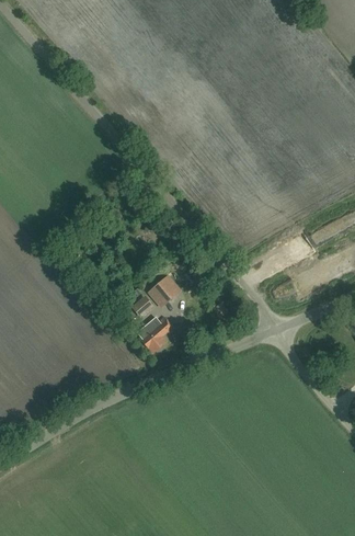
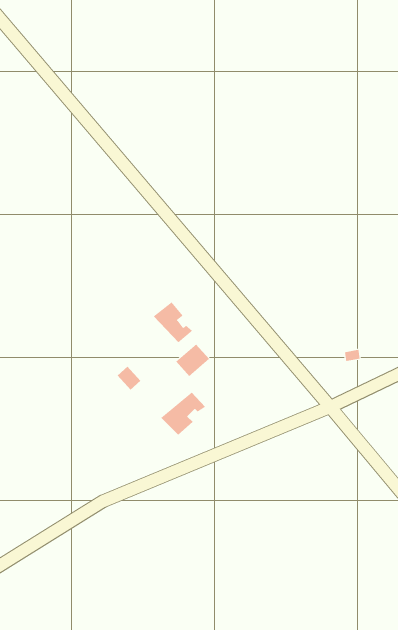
building: none -> [153,302,193,343]

